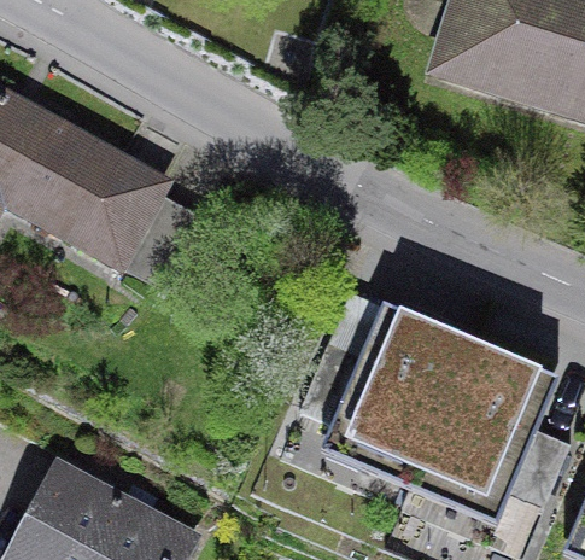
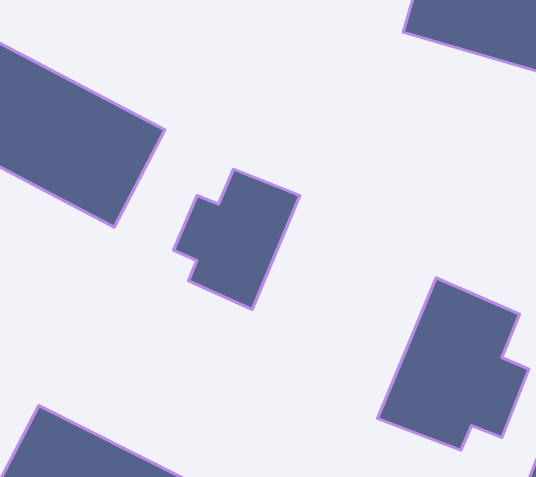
building: none -> [173,169,300,310]
building: [300,298,472,480] -> none

